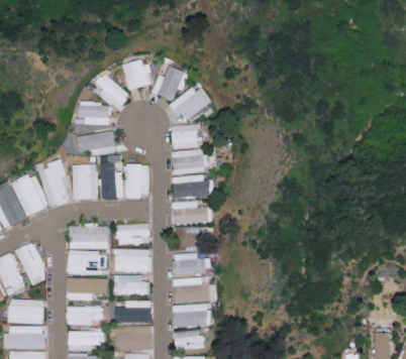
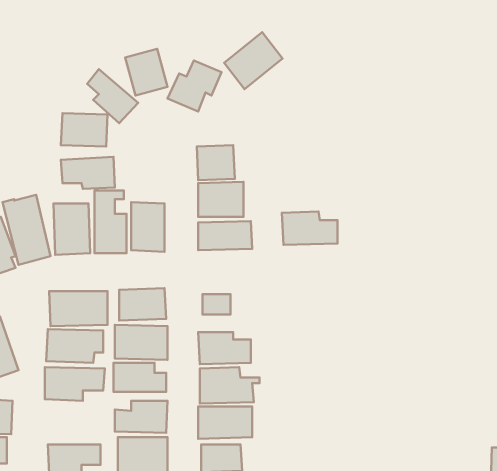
building: [168,85,208,124] -> [224,32,283,89]
building: [171,201,209,224] -> [282,211,337,245]
building: [67,306,103,325] -> none

